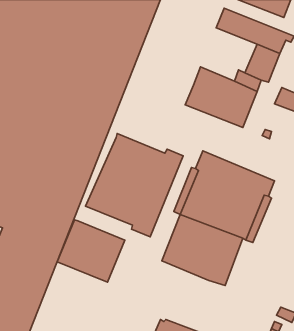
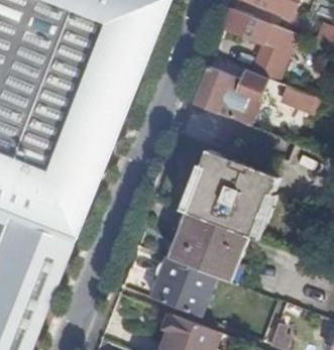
building: [86,133,183,237] -> none
building: [57,220,125,282] -> [149,256,216,318]

